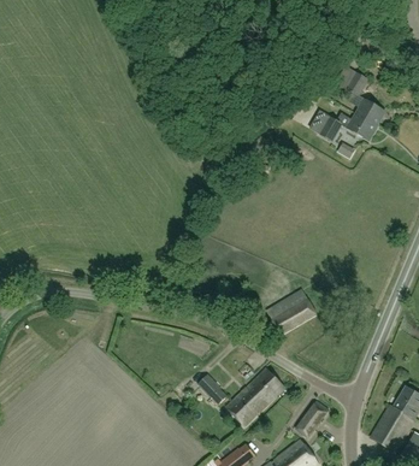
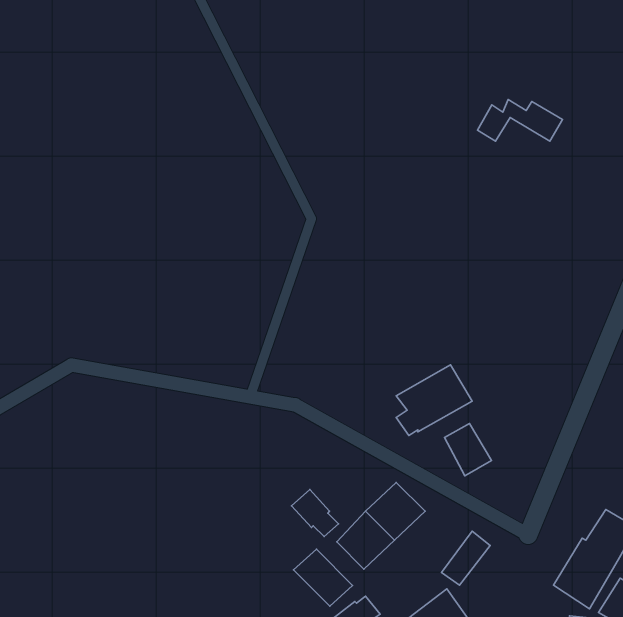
building: [347,71,385,125] -> none
building: none -> [444,423,492,476]
building: none -> [294,549,353,606]

